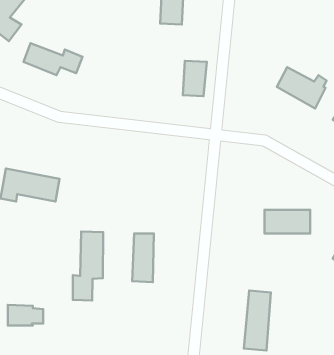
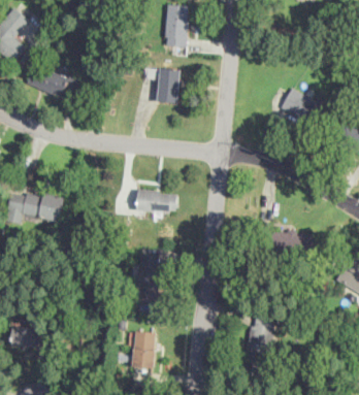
building: [183,61,207,96] -> [157,69,181,104]
building: none -> [136,190,176,212]
building: [73,232,103,300] -> none
building: none -> [128,330,156,367]

